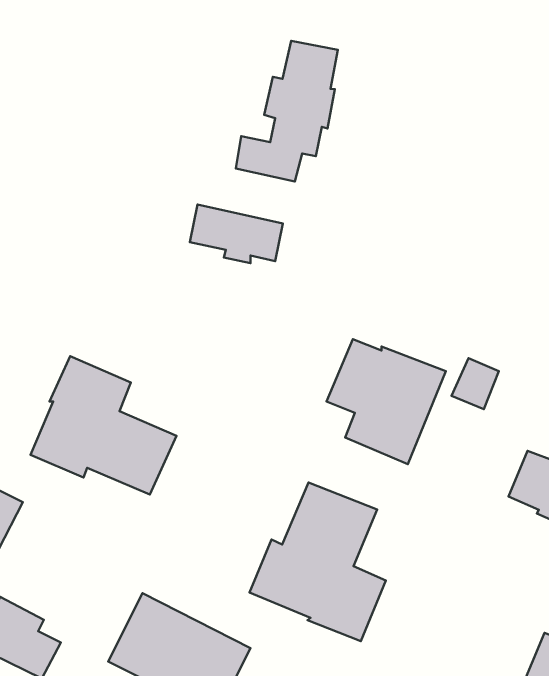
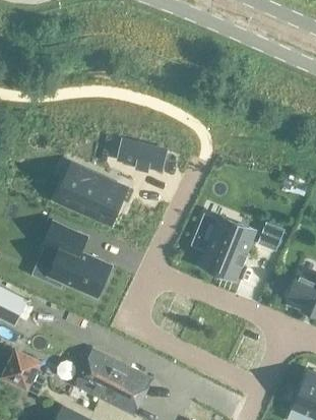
building: [236,41,338,182] -> none
building: none -> [55,164,126,224]
building: [249,482,386,641] -> none

